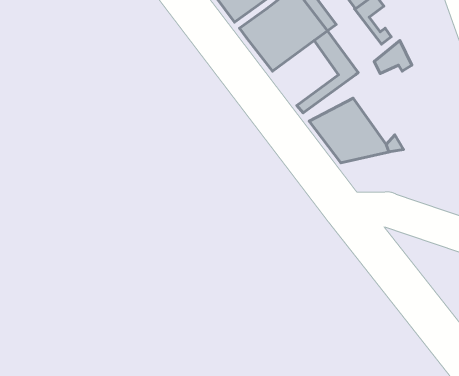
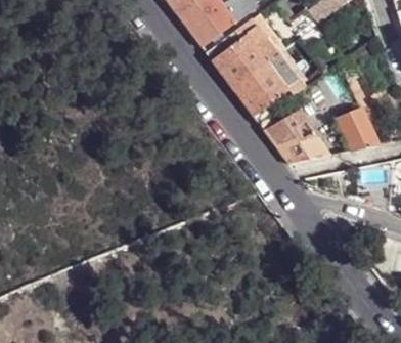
building: none -> [231,61,286,116]
building: none -> [336,108,376,151]

